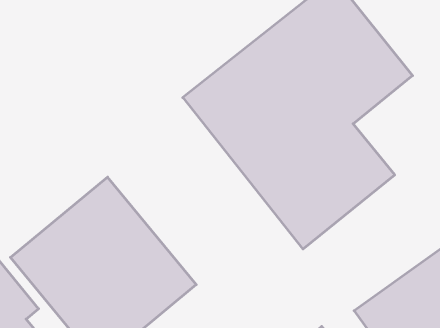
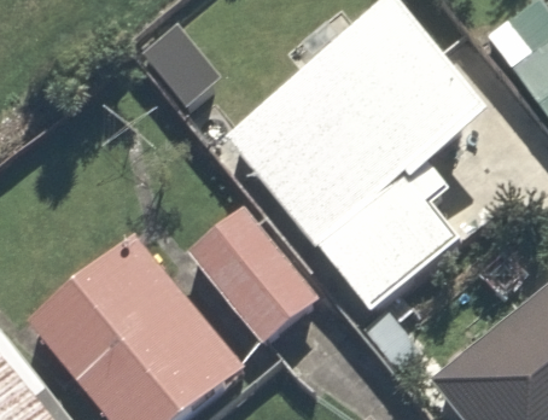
building: none -> [180,199,316,339]

